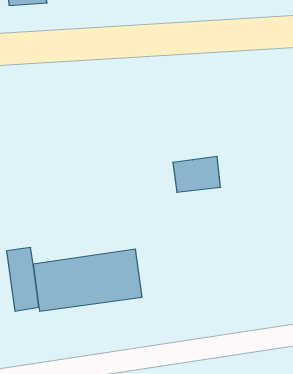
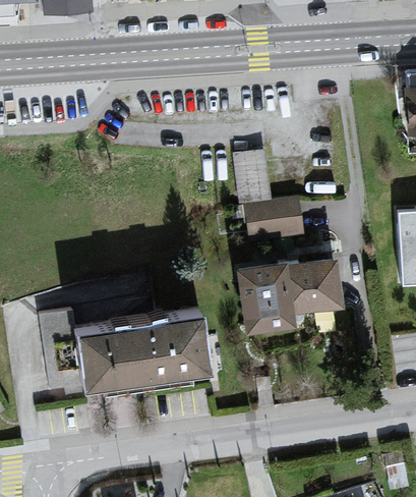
building: none -> [234,150,272,207]
building: none -> [237,259,344,333]

